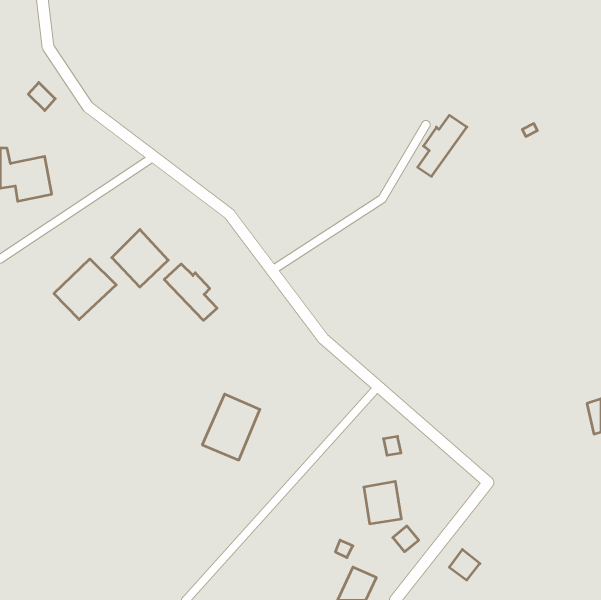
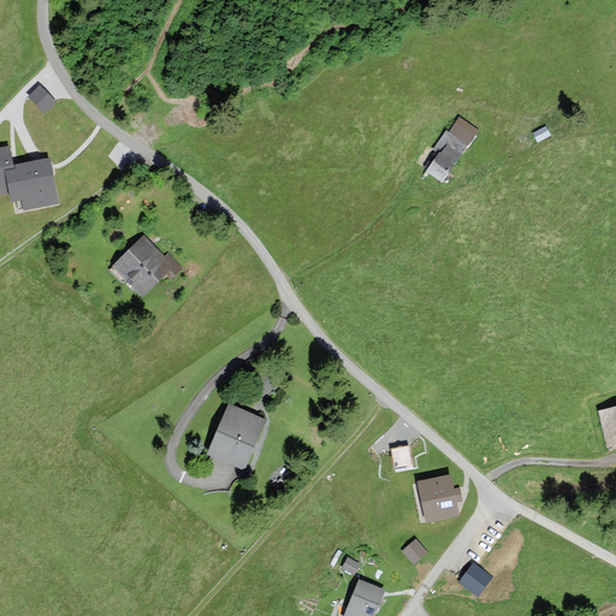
building: [54,259,116,320] -> none
building: [164,264,217,320] -> none
building: [364,481,401,524] -> [420,476,458,520]

